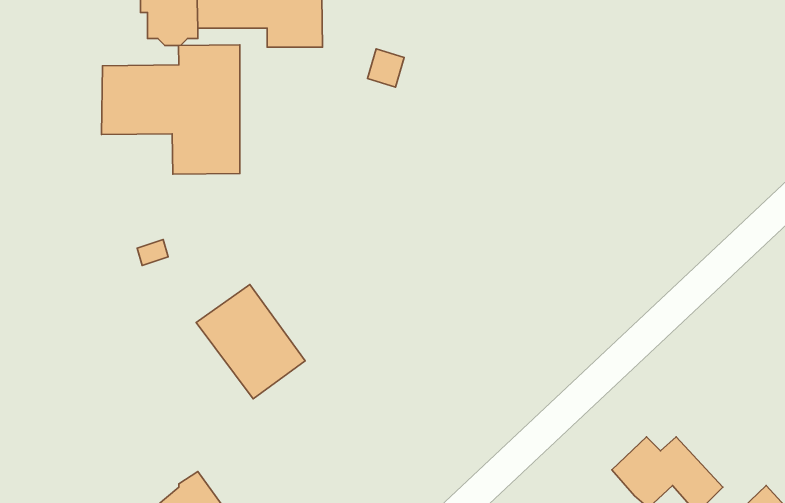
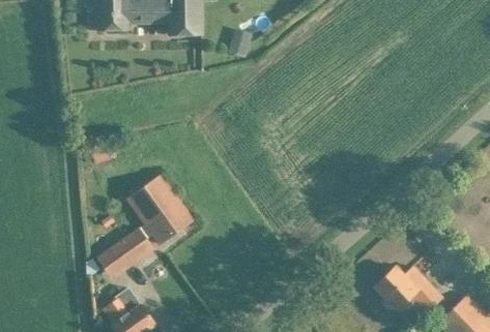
building: [101,45,240,174] -> none
building: none -> [95,224,154,278]

